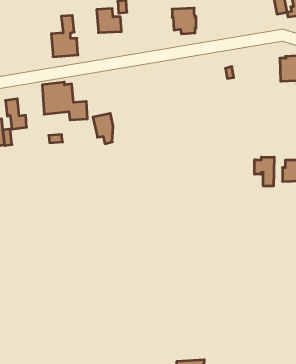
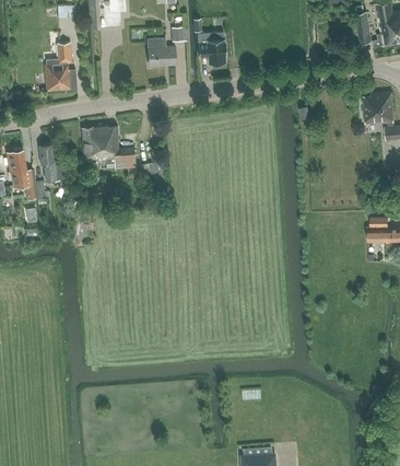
building: [172,8,196,34] -> [197,32,225,62]
building: [51,15,78,57] -> [45,42,77,91]
building: [255,157,274,186] -> none

